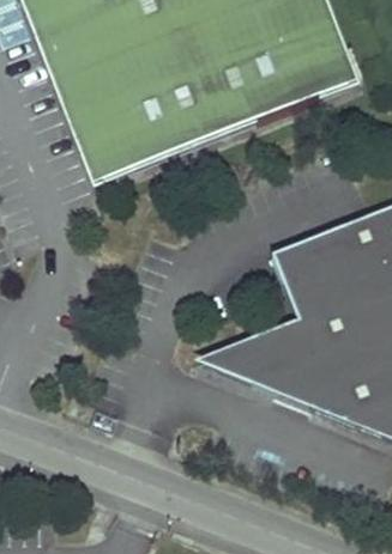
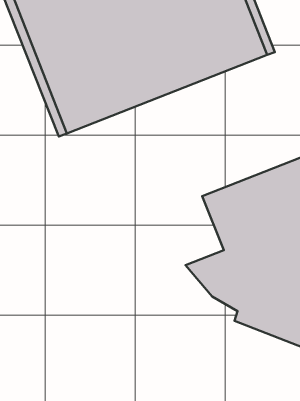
building: [192,337,312,406] -> none

